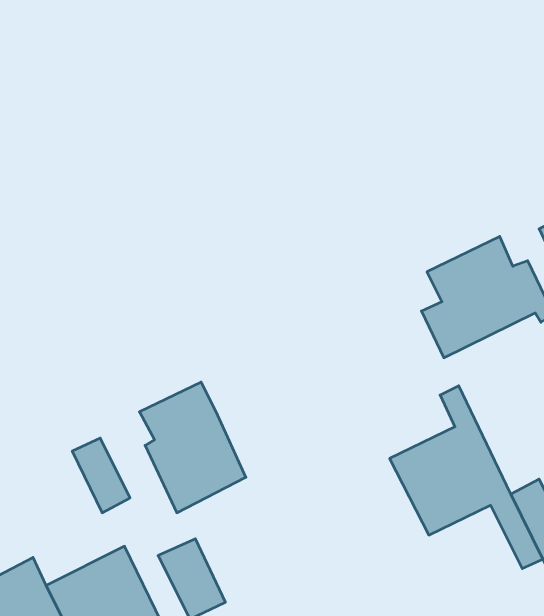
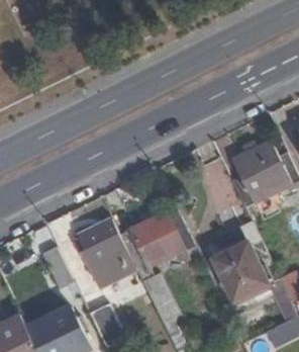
building: none -> [119,211,186,307]

